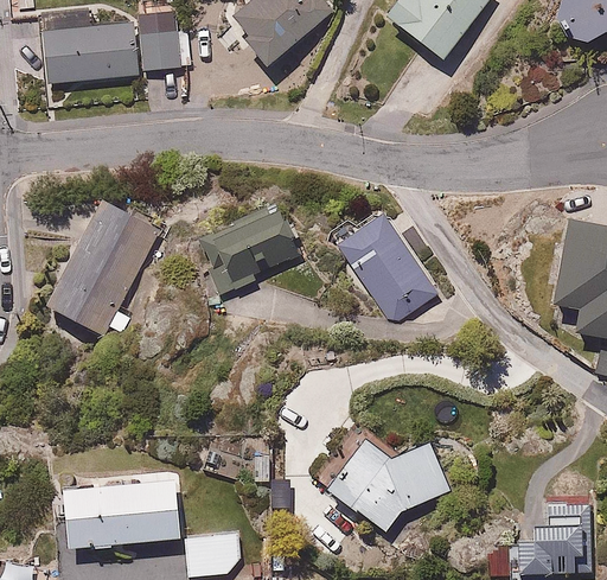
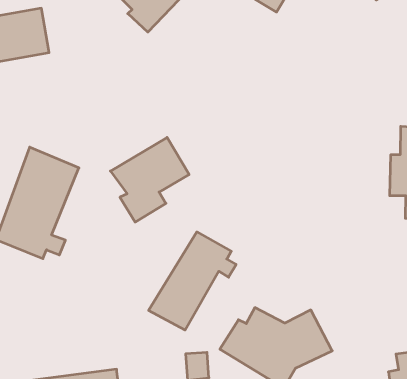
building: [141,28,194,70] -> none
building: [339,211,434,320] -> none
building: none -> [149,232,236,330]

